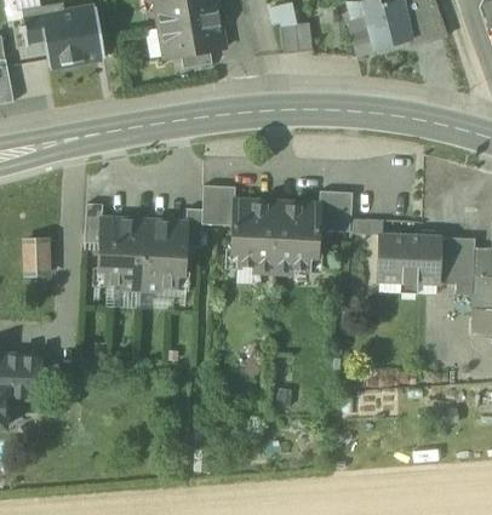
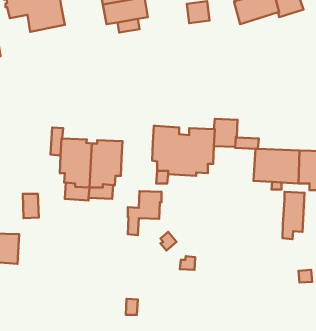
building: [187,184,235,247] -> [128,191,162,235]
building: [25,239,48,274] -> [23,194,39,218]
building: none -> [283,192,305,239]

